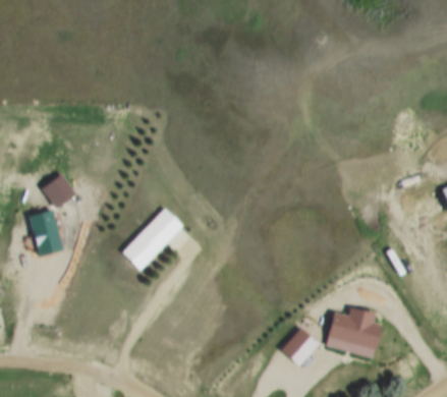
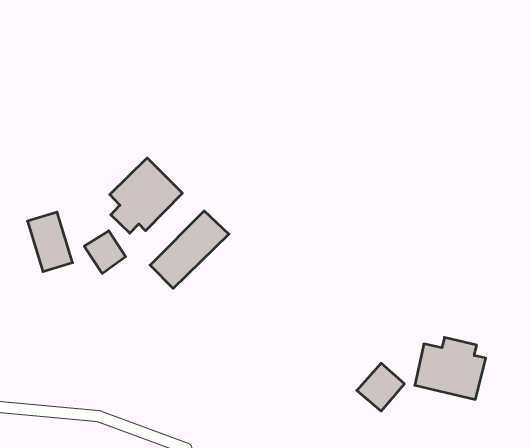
building: none -> [110,158,182,233]
building: [38,173,70,207] -> [84,231,126,273]

